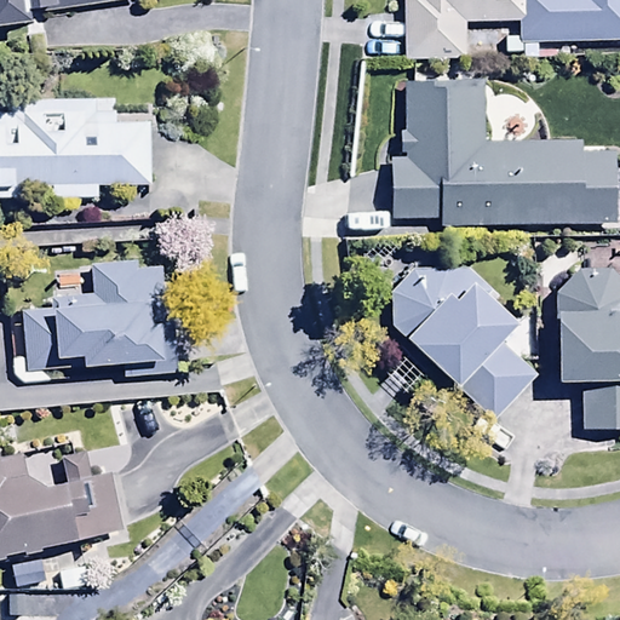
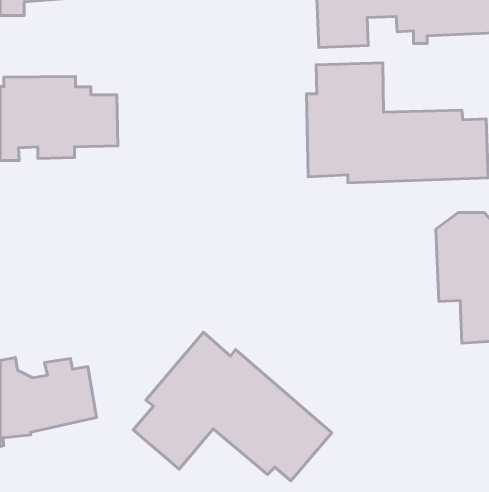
building: [24,258,167,368] -> none
building: [373,264,540,418] -> none
building: none -> [133,332,332,481]

